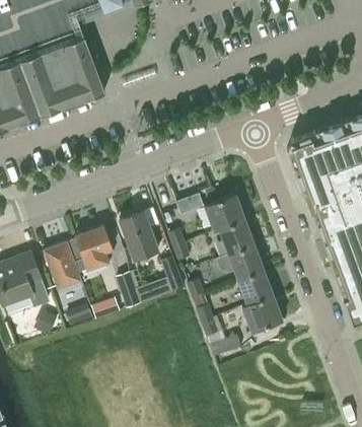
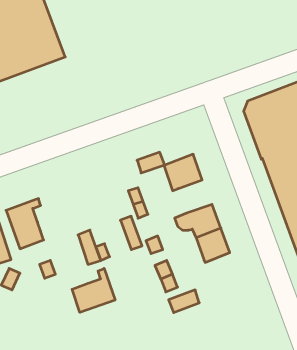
building: [119,211,158,258] -> none
building: [219,219,255,254] -> none
building: [70,225,114,272] -> none
building: [241,294,282,331] -> none
building: none -> [72,268,115,312]

